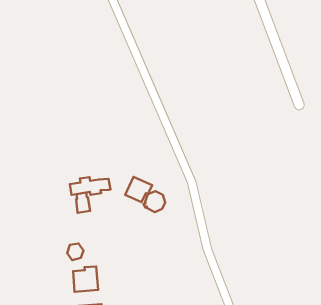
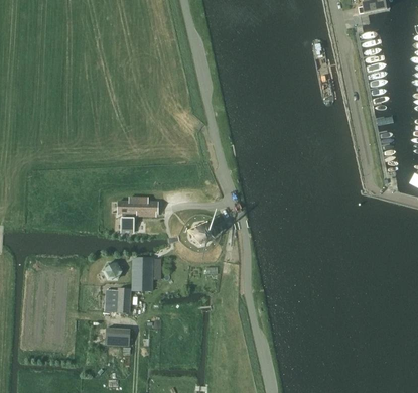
building: [125,177,152,202] -> none
building: none -> [132,258,153,290]

